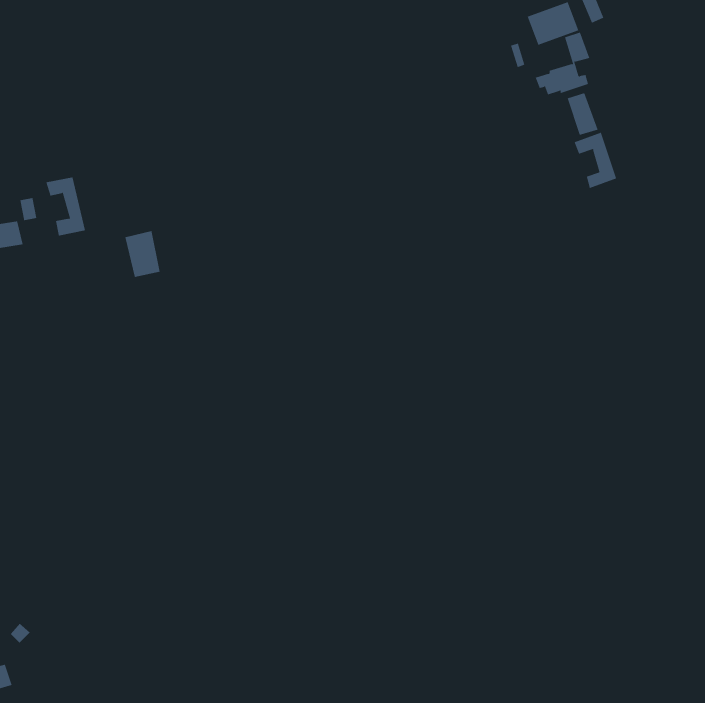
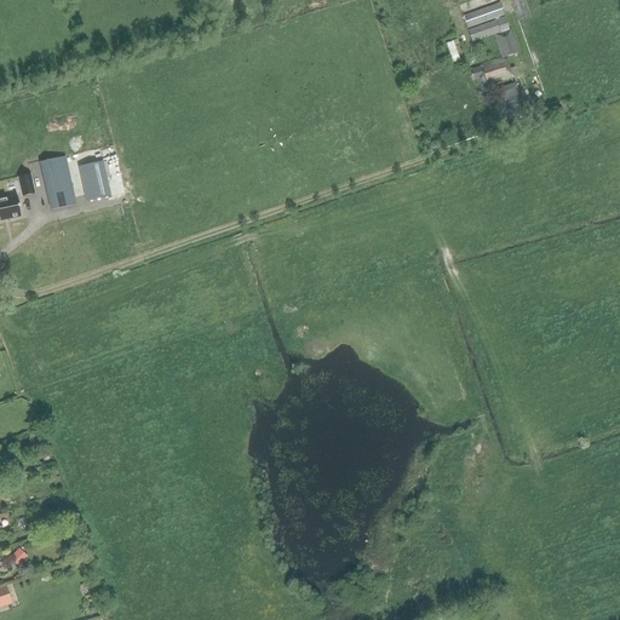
building: [574,132,617,189] -> none
building: [125,230,161,277] -> [78,159,109,200]

